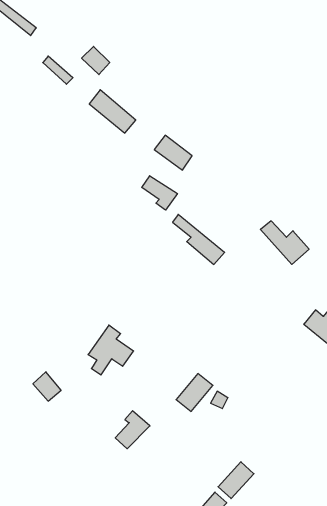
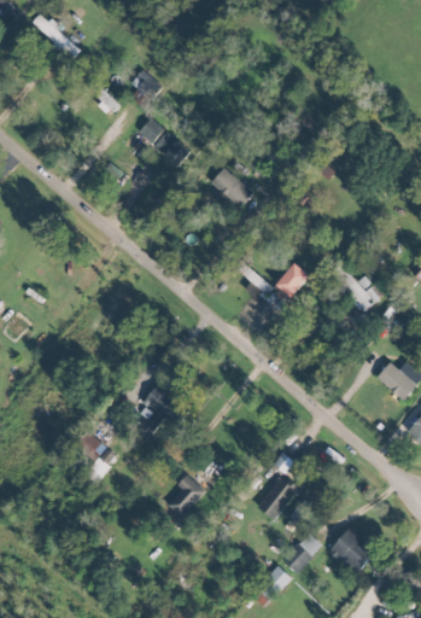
building: [142,176,177,210] -> none
building: none -> [276,262,309,296]
building: [176,374,213,411] -> [256,477,297,519]
building: none -> [329,526,375,572]

